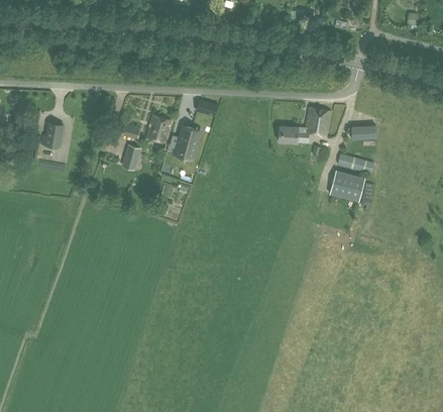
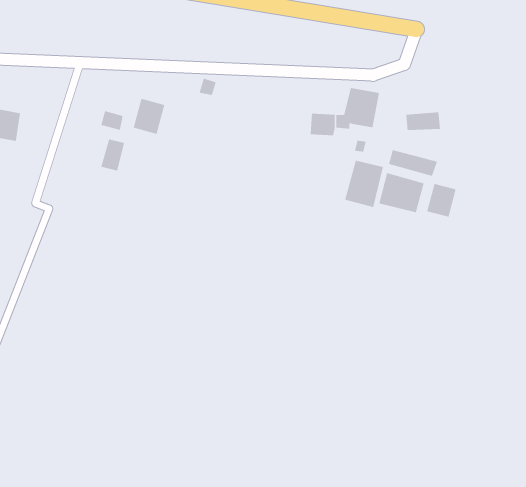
building: [175,125,198,159] -> none
building: none -> [345,160,383,208]
building: none -> [427,183,456,217]

